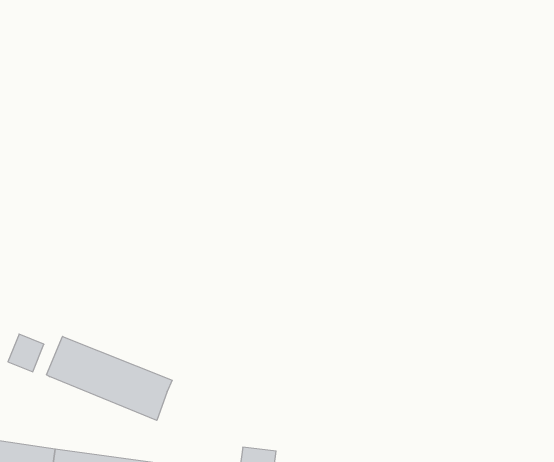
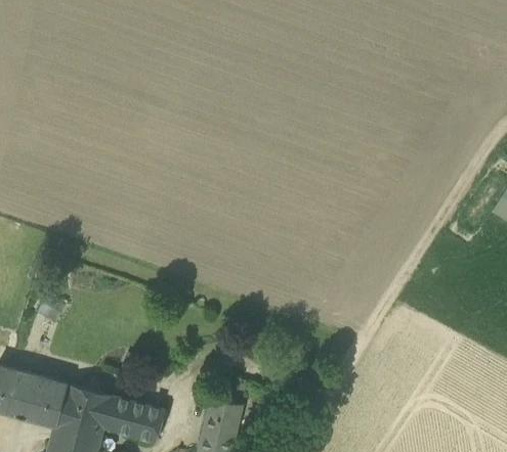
building: [47,336,172,420] -> none

